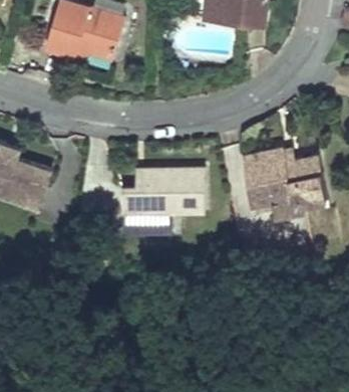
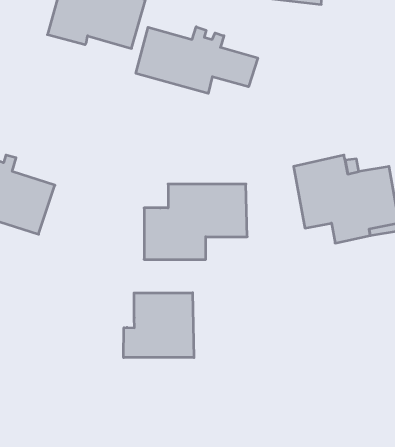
building: none -> [136,27,258,93]
building: none -> [124,293,194,358]

